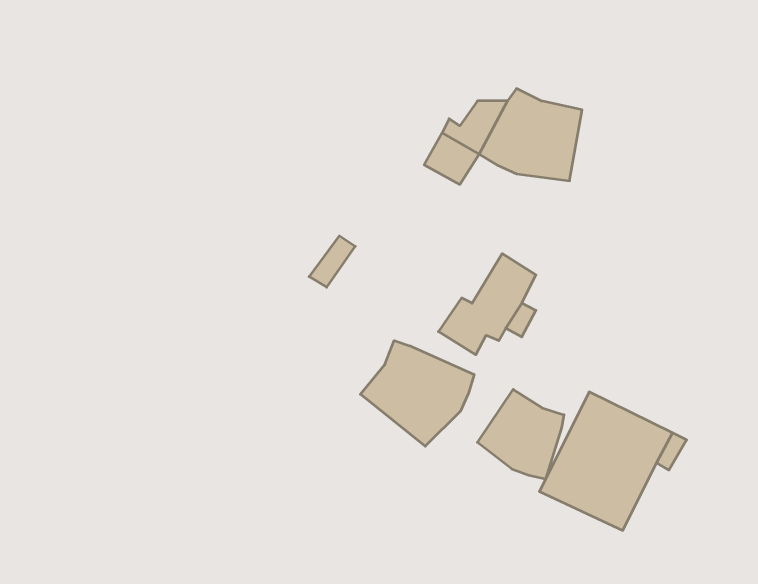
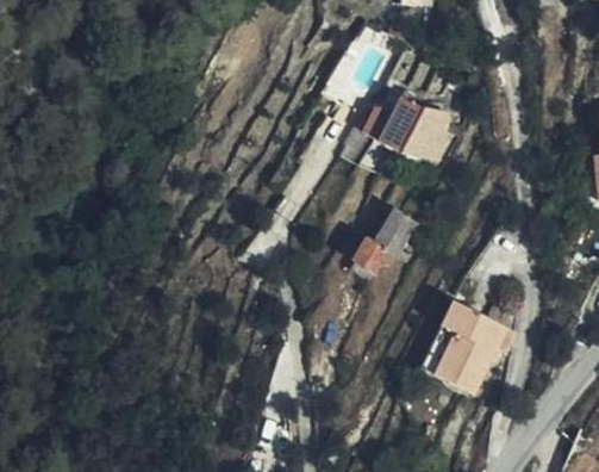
building: [360,341,474,446] -> none
building: [477,389,564,479] -> none

